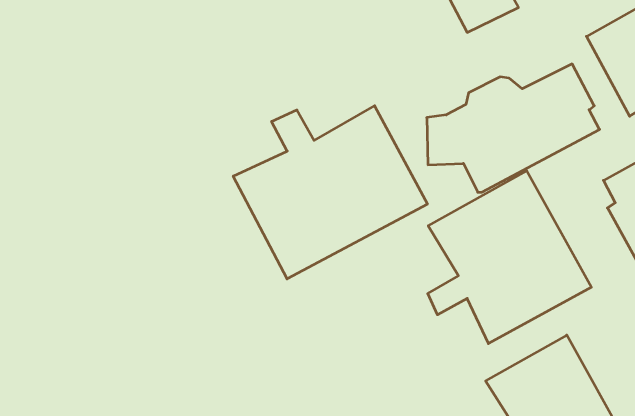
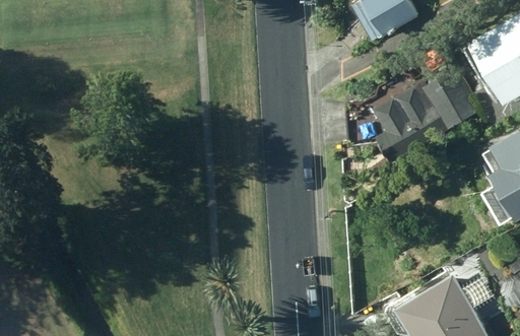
building: [233,106,427,279] -> none
building: [428,171,591,344] -> none

